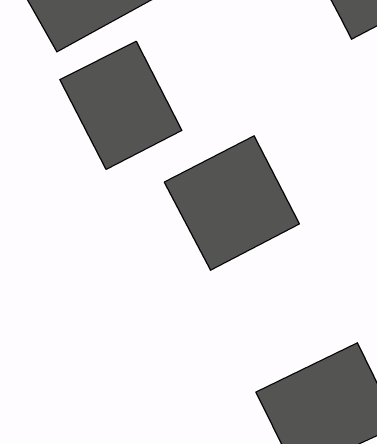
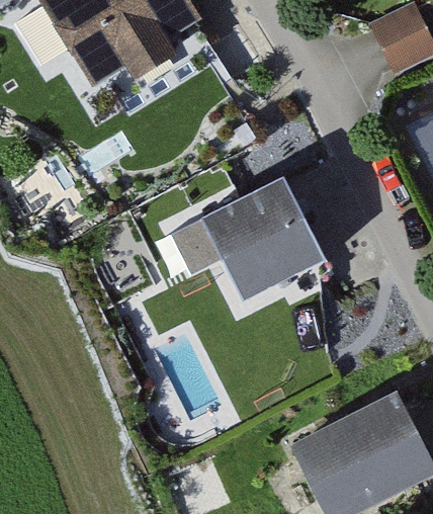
building: [60,41,182,169] -> none

